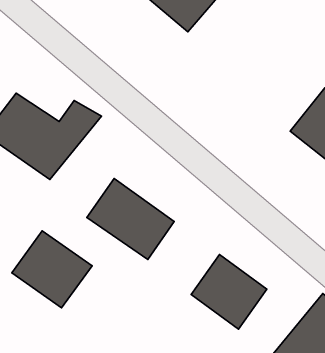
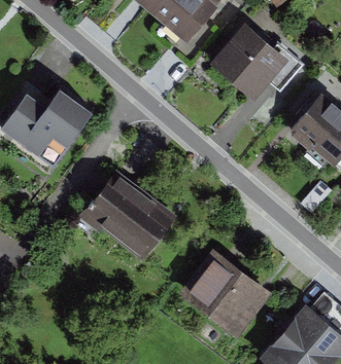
building: none -> [209,25,286,101]
building: [12,231,92,308] -> none

